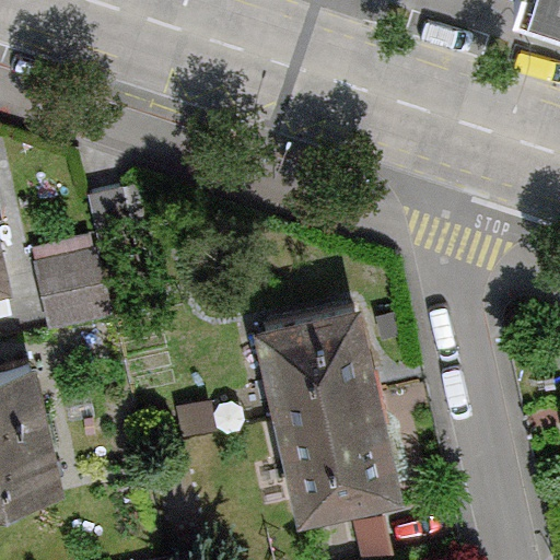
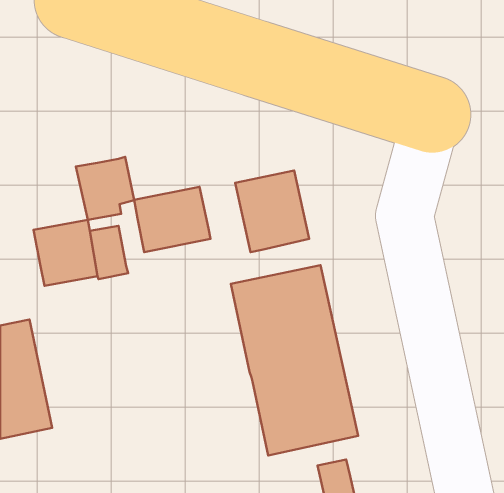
building: none -> [235,171,309,252]
building: none -> [134,187,211,252]

